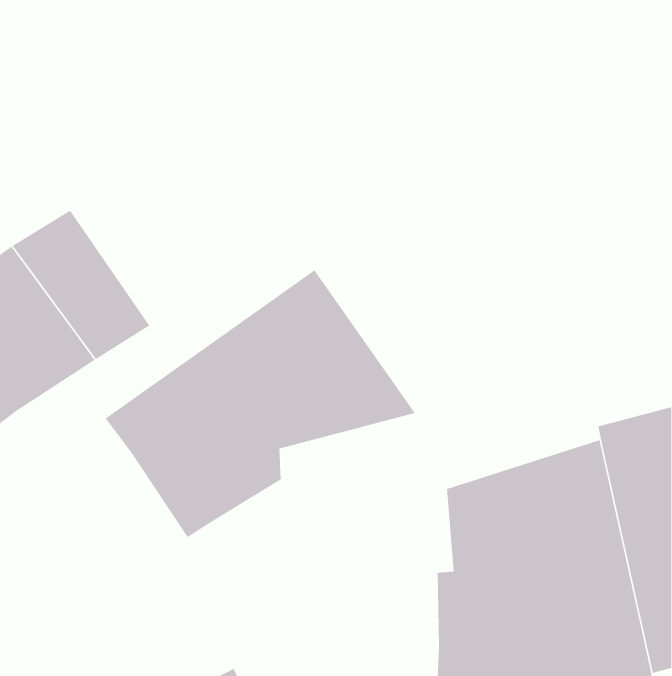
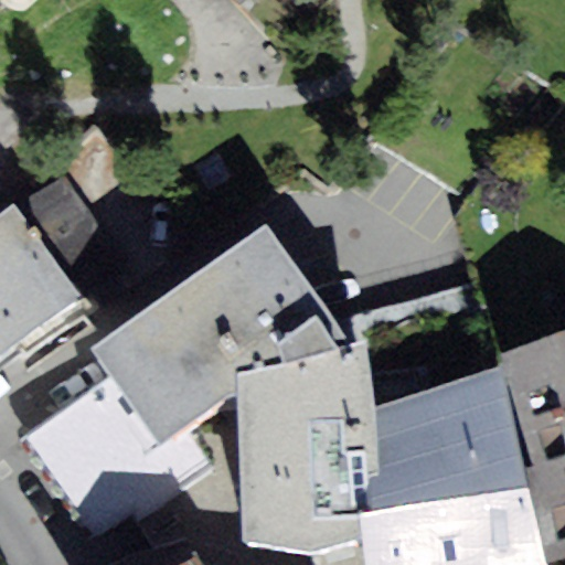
building: none -> [233,341,376,544]
building: none -> [21,380,206,535]

